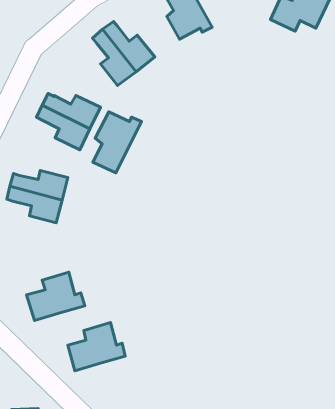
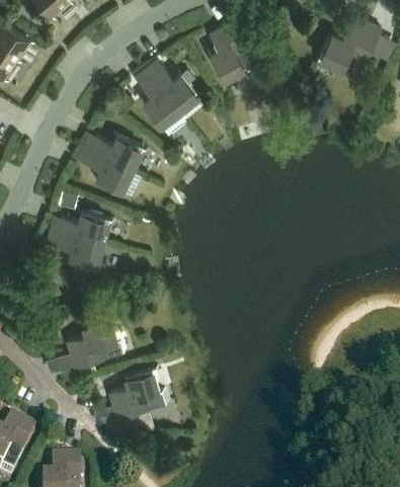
building: [93,112,141,173] -> none

